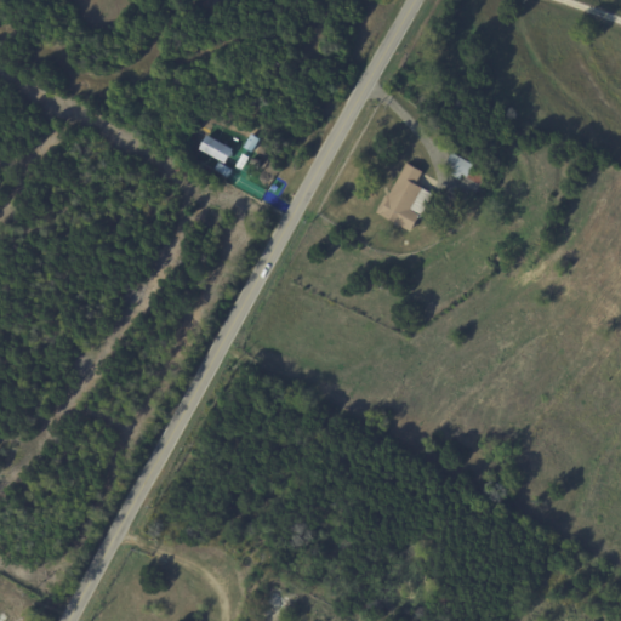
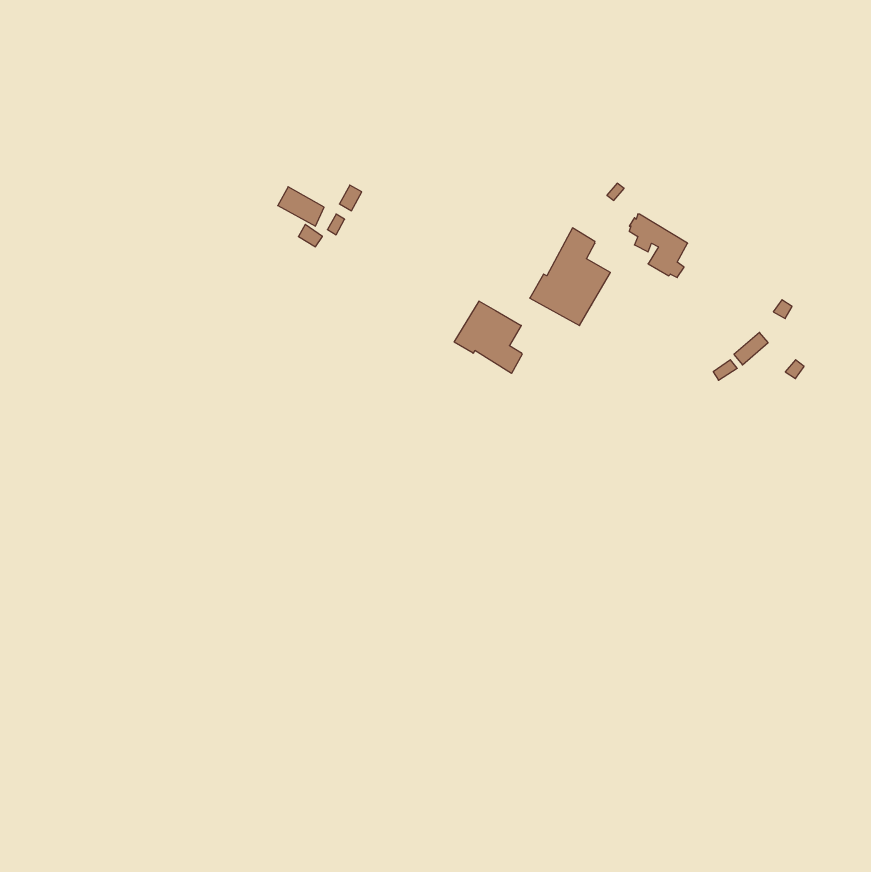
building: none -> [454,301,522,373]

